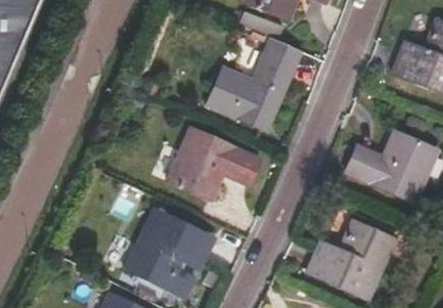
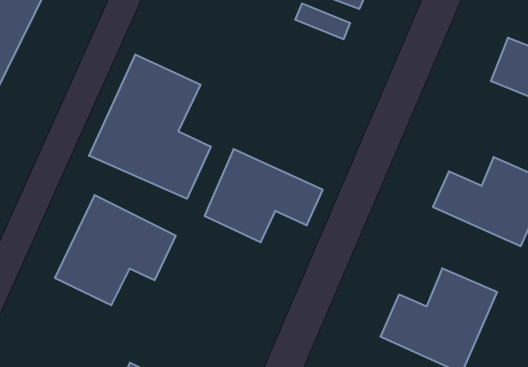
building: none -> [89,54,211,199]
building: [206,53,296,132] -> none
building: [122,206,216,292] -> [55,195,176,305]

